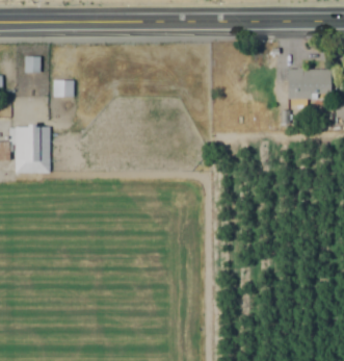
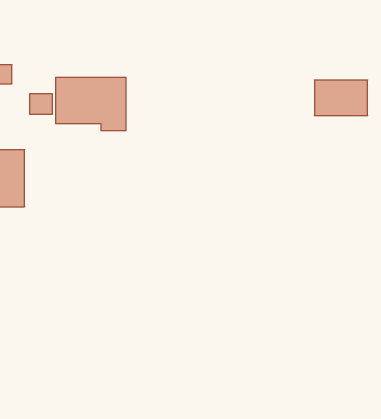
building: none -> [56,77,126,131]

